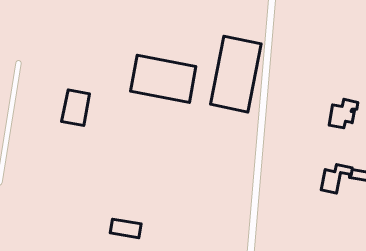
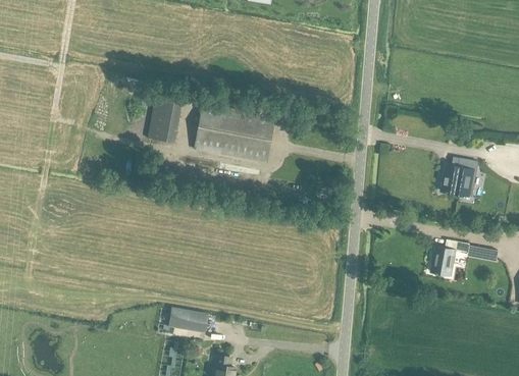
building: [210,36,261,112] -> none
building: [62,90,89,126] -> [147,98,181,143]

